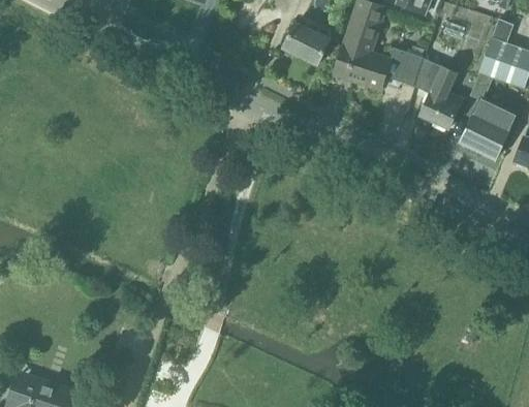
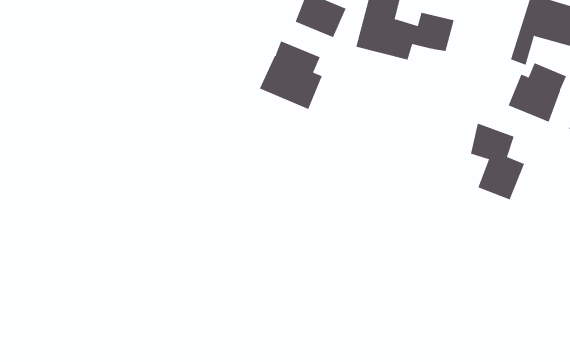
building: [416,59,464,129] -> [470,123,525,200]
building: none -> [259,41,323,110]

